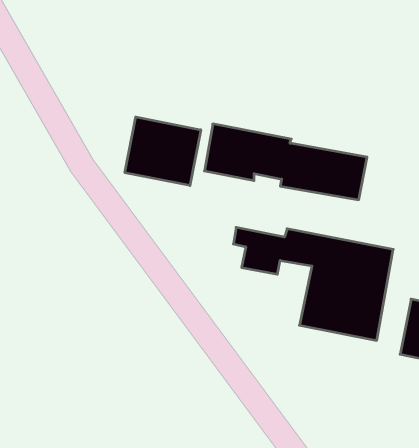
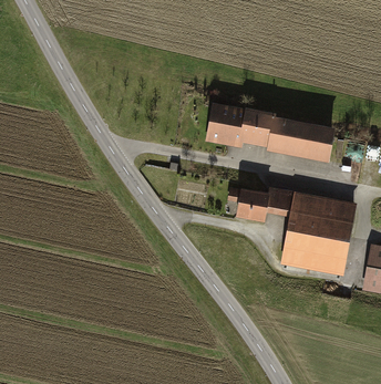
building: [125,117,201,186] -> none

